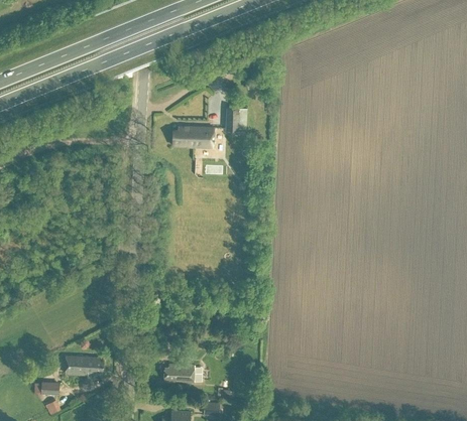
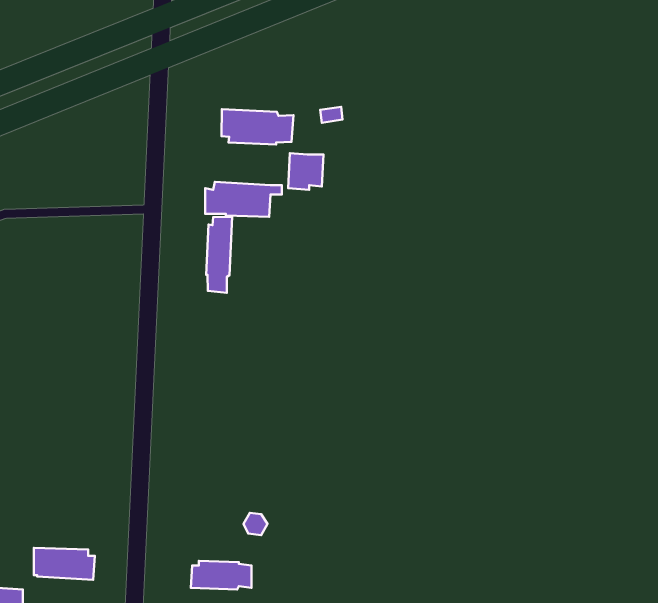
building: none -> [222,109,294,144]
building: none -> [206,217,232,293]

